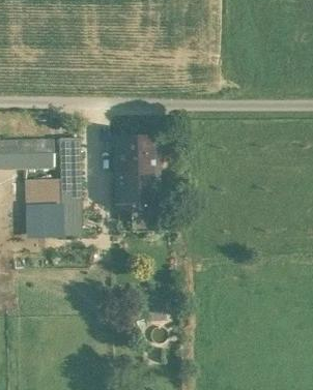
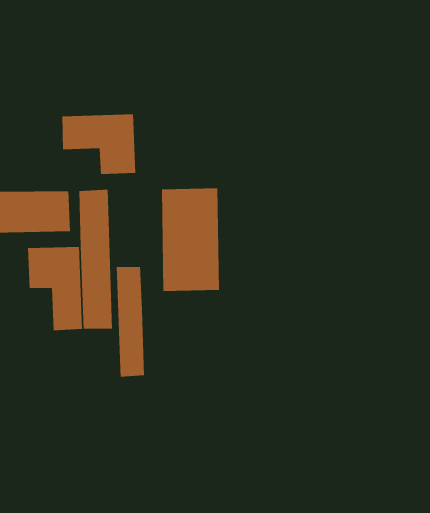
building: none -> [62,113,136,175]
building: none -> [116,266,145,378]

